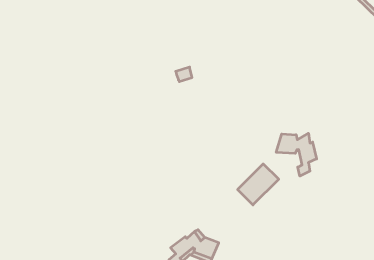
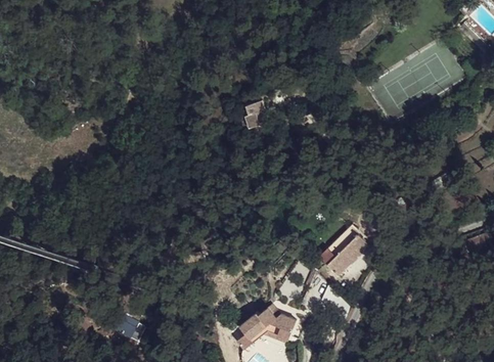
building: [276,133,317,176] -> none

